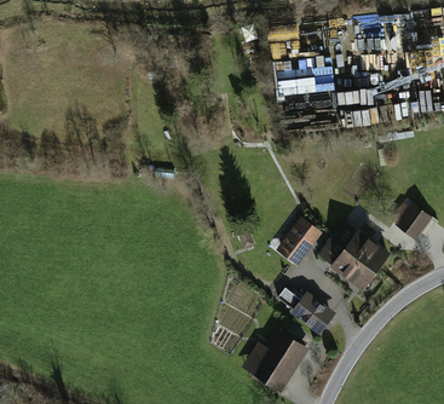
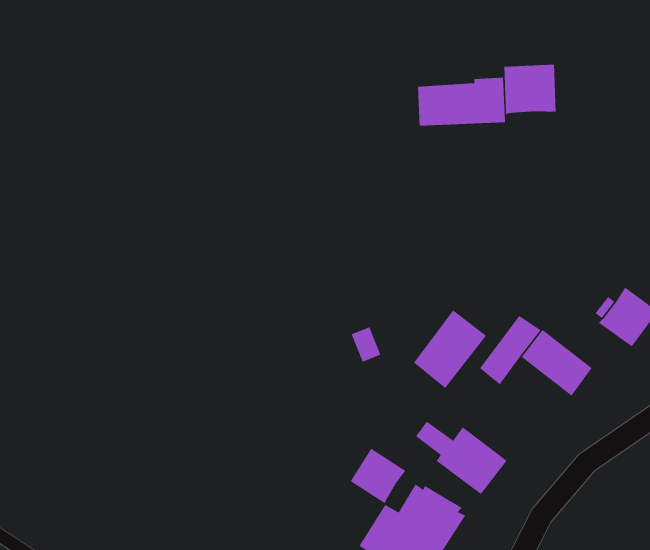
building: none -> [504,64,556,115]
building: [330,247,377,292] -> none
building: none -> [350,448,406,504]

